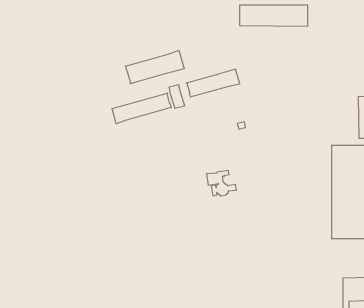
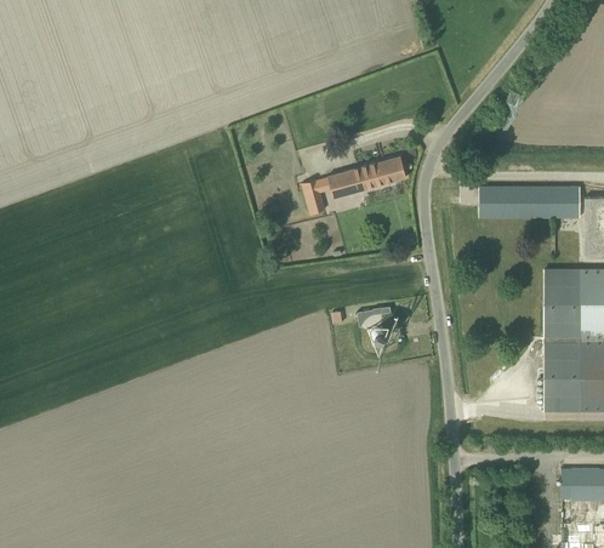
building: [240,5,308,26] -> [480,187,582,218]
building: [125,50,184,84] -> none
building: [112,93,171,124] -> none

